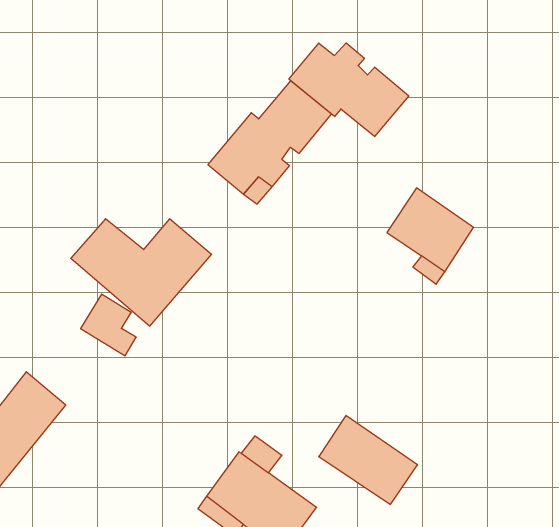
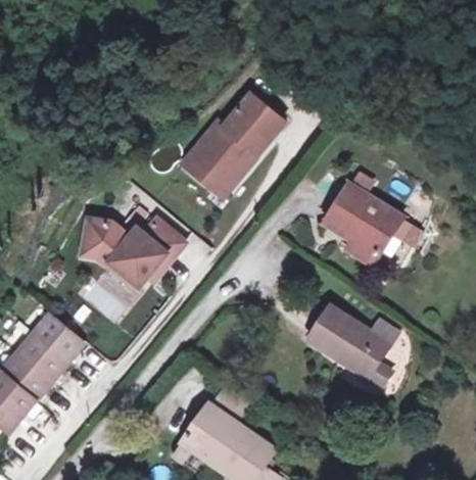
building: [289,43,409,137] -> none
building: none -> [33,316,82,363]
building: [319,416,418,504] -> [310,303,391,377]

